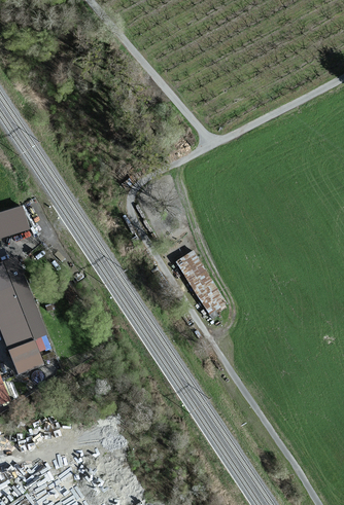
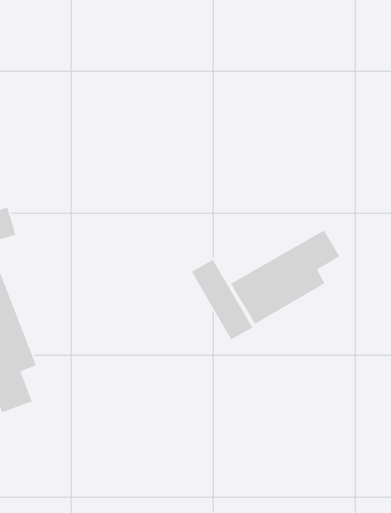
building: none -> [230,229,341,325]

